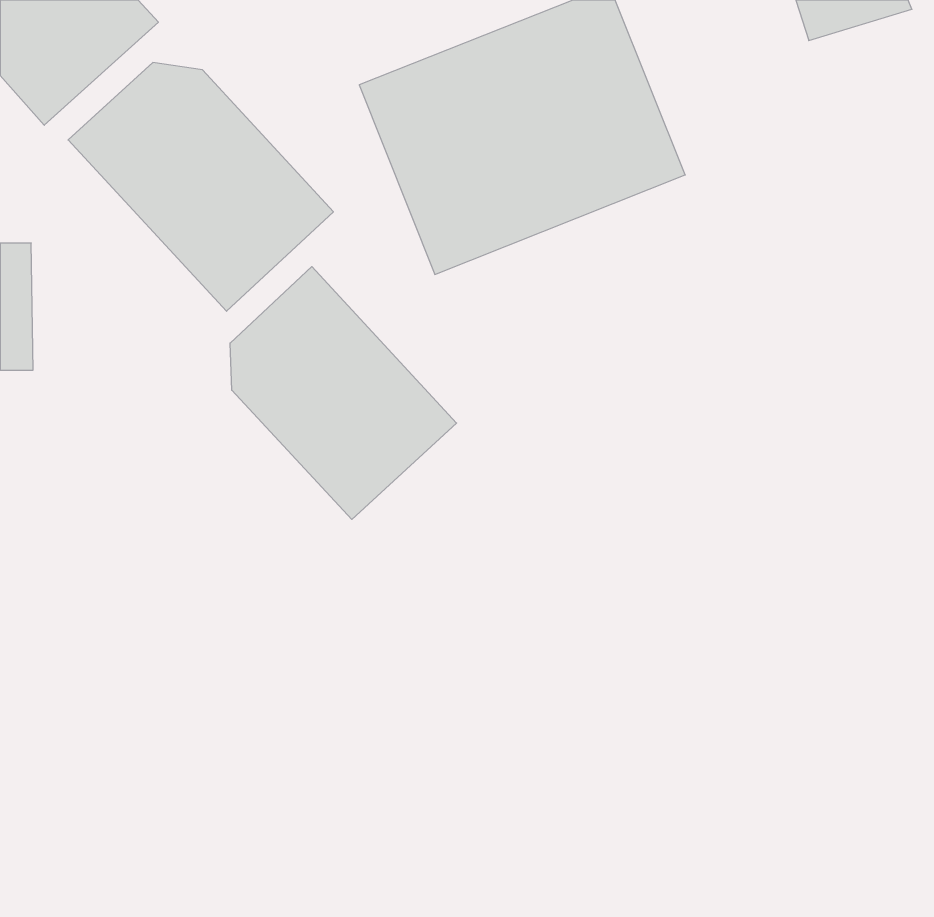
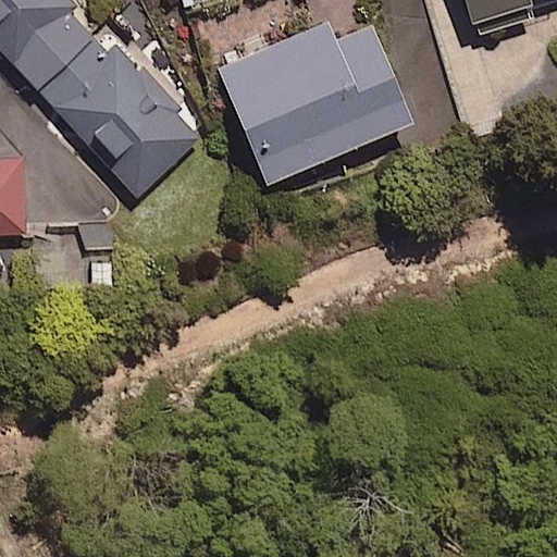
building: [230,267,457,519] -> none

